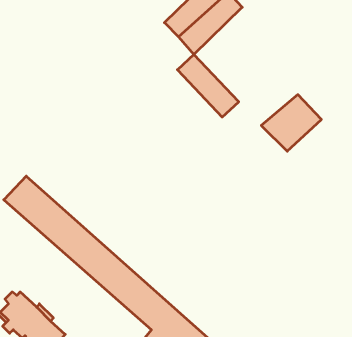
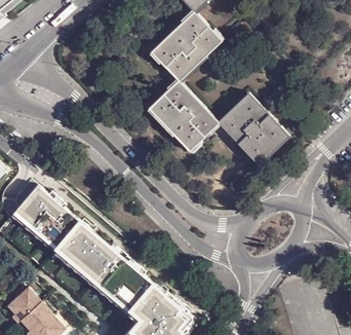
building: none -> [149,92,203,148]
building: none -> [218,94,269,141]

